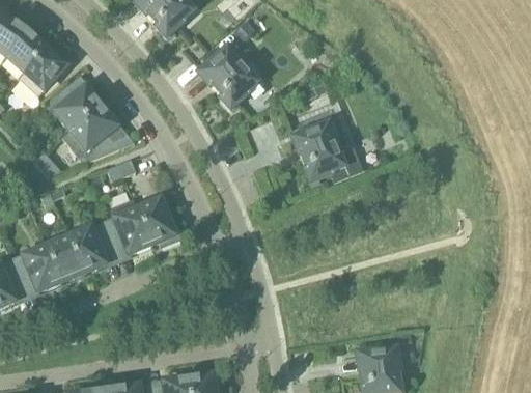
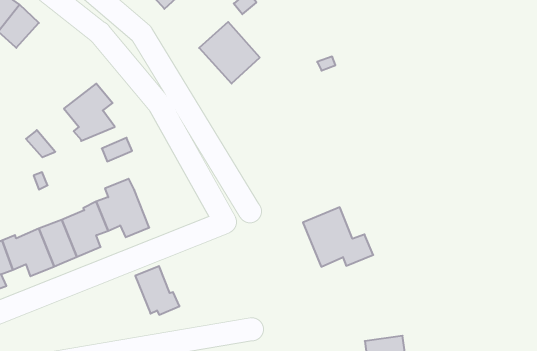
building: [19,49,66,95] -> none
building: [46,84,102,131] -> none
building: [294,123,361,180] -> [303,207,373,267]
building: [138,199,180,246] -> [135,266,180,315]

